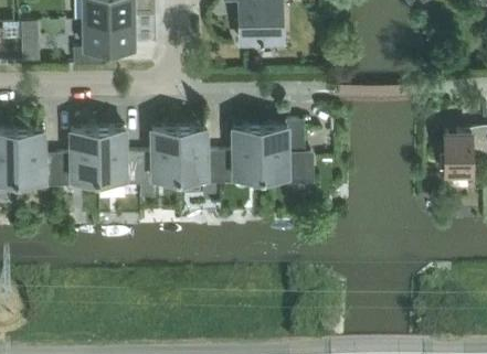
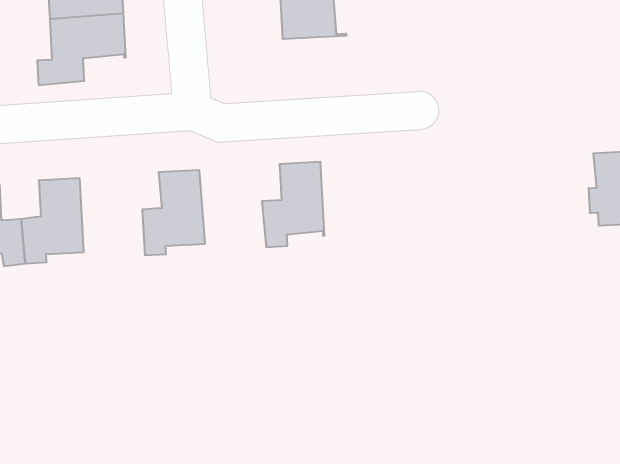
building: [261,121,313,182] -> none
building: [179,128,221,183] -> none
building: [98,130,139,185] -> none

